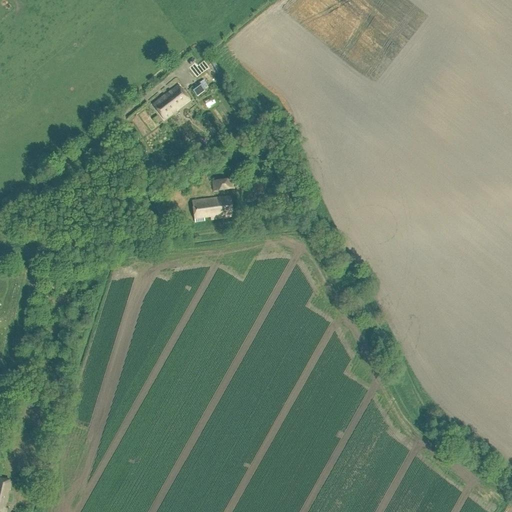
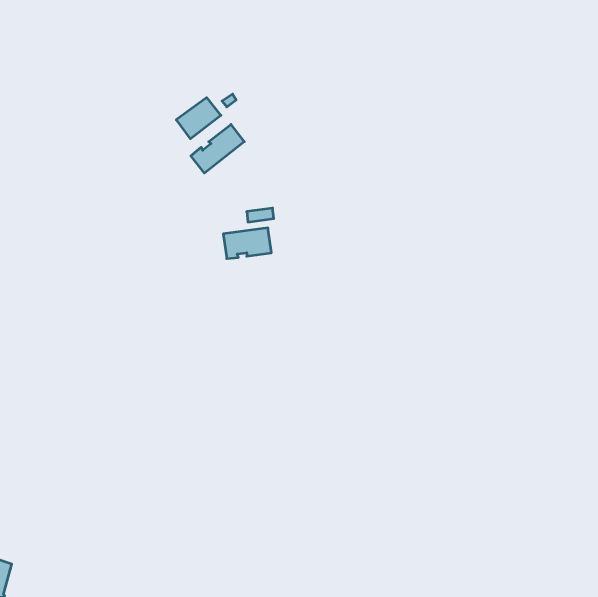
building: none -> [191,124,244,173]

